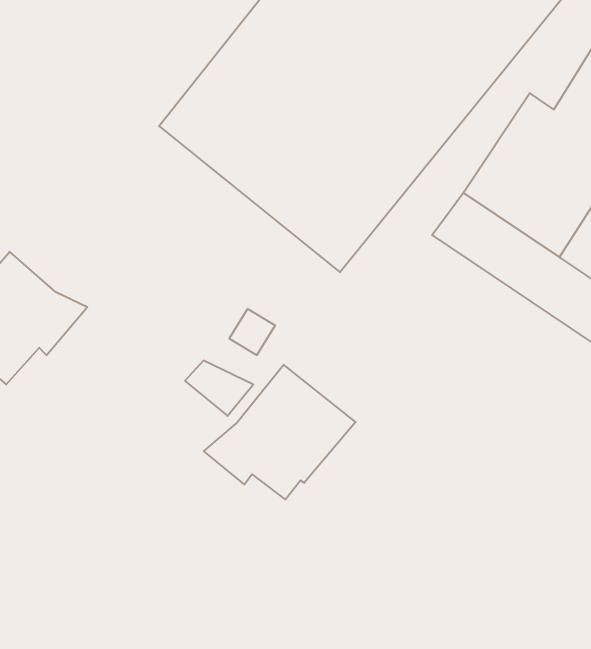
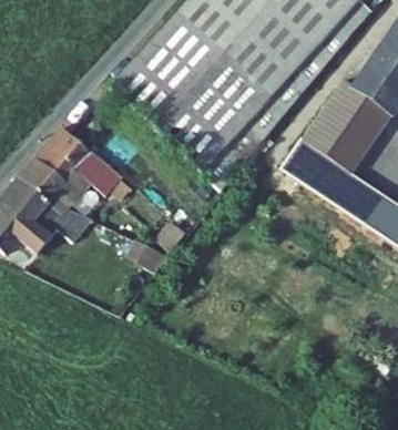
building: none -> [25,121,129,205]
building: [204,365,356,499] -> none

